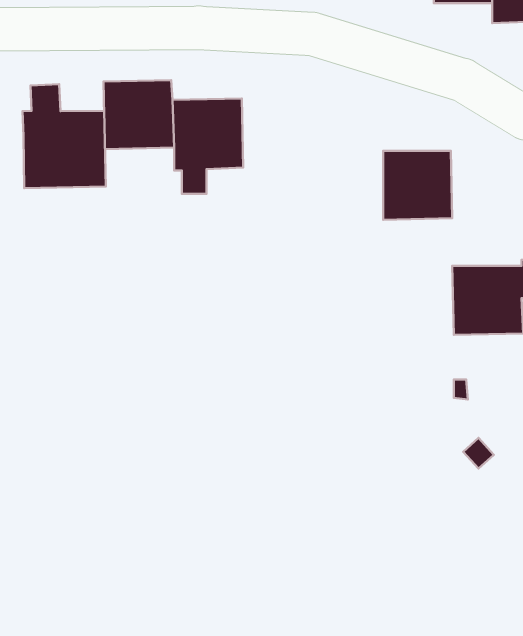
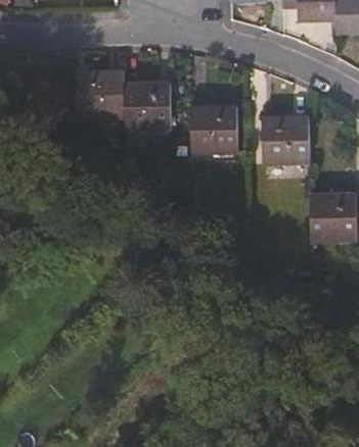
building: [22,84,106,188] -> none
building: none -> [191,106,238,153]

